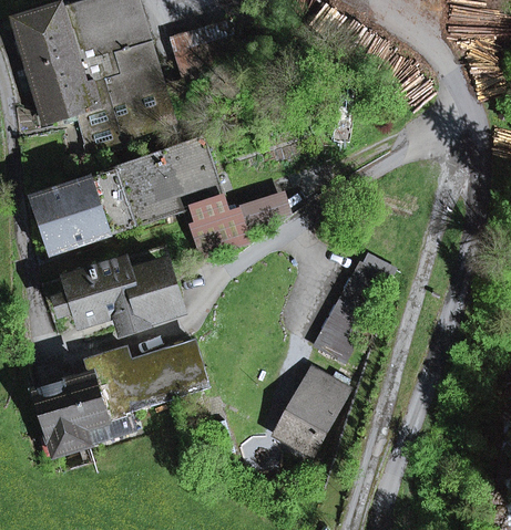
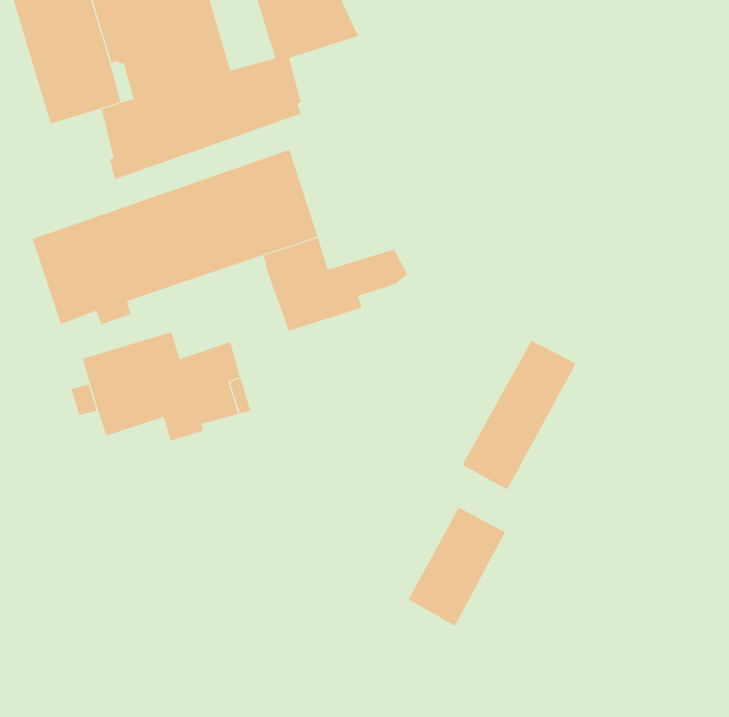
building: [31,340,205,451] -> none

